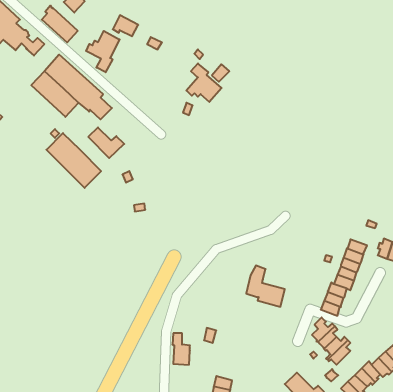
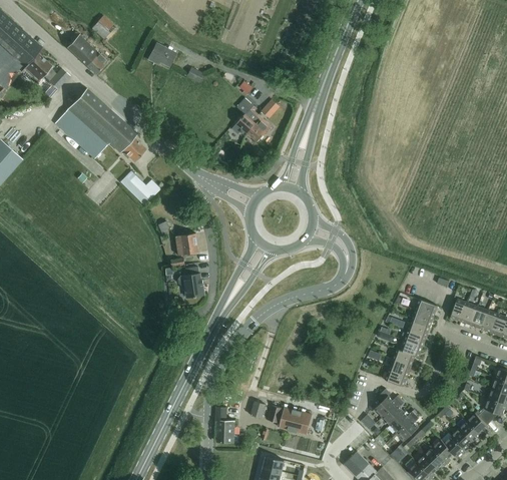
building: [86,31,120,72] -> none
building: [46,133,101,188] -> none
building: none -> [175,233,198,256]
building: none -> [178,267,205,298]
building: [246,265,285,307] -> [267,388,311,435]

